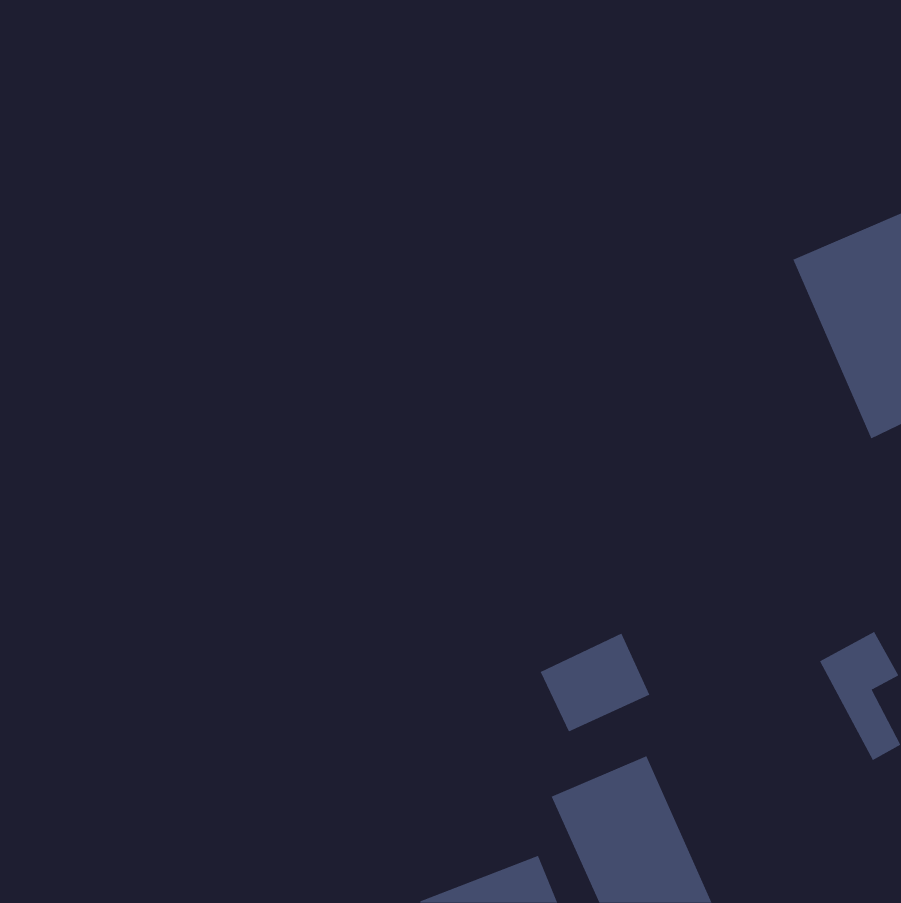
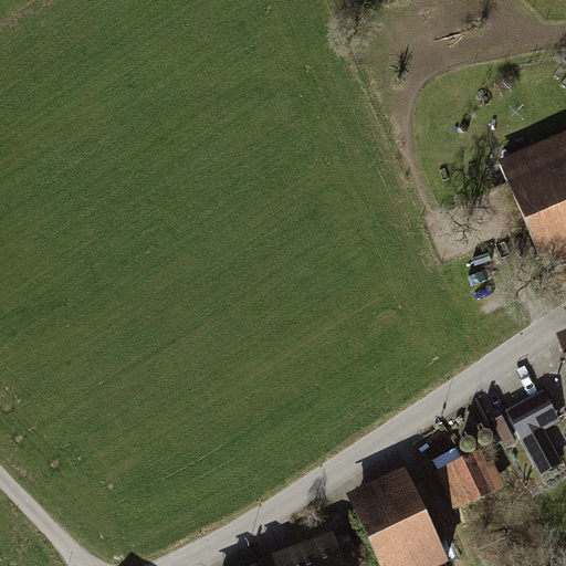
building: [540,633,650,732] -> [437,449,505,511]

